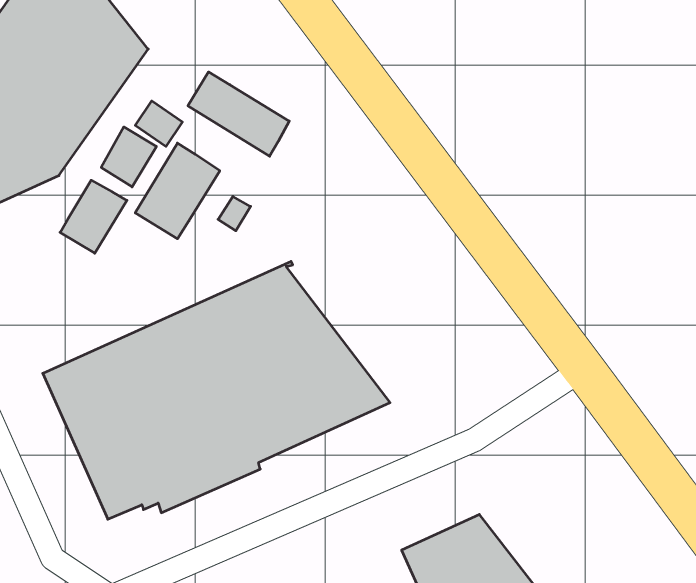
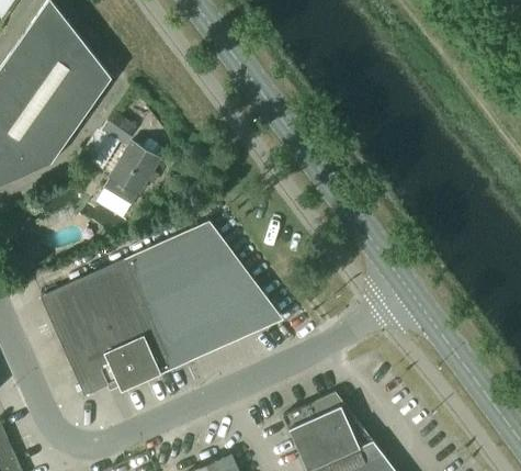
building: [188,72,289,156] -> none
building: [60,180,127,253] -> none

